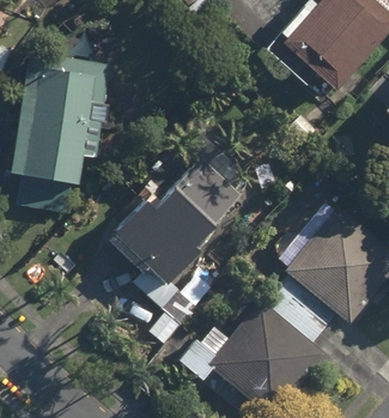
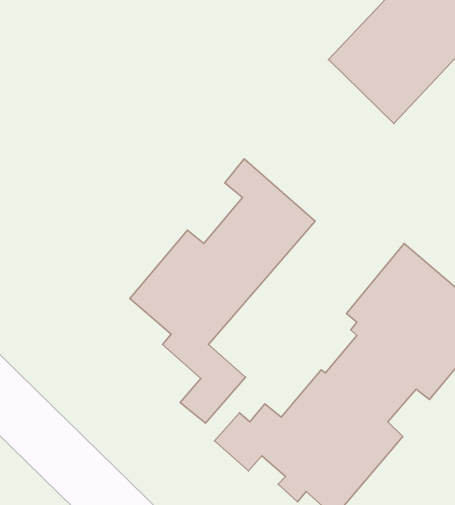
building: [10,52,111,212] -> none

